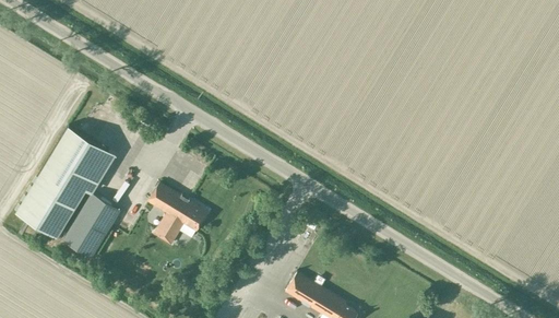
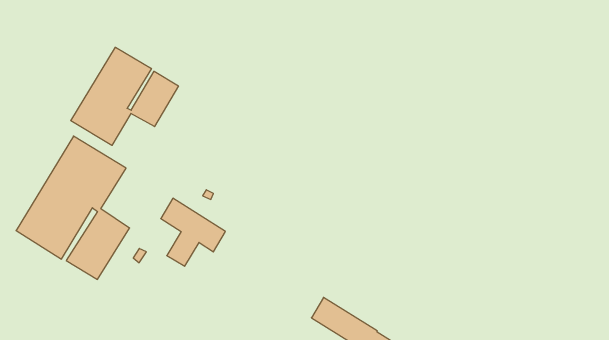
building: none -> [71,47,178,145]

